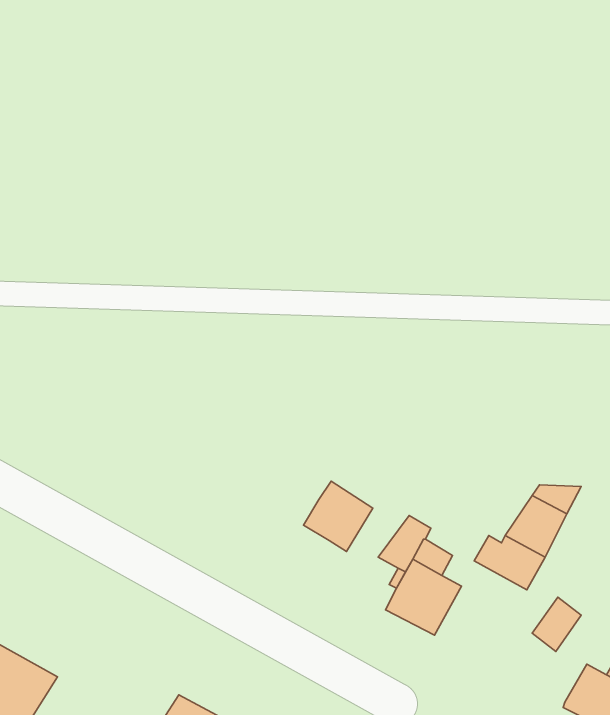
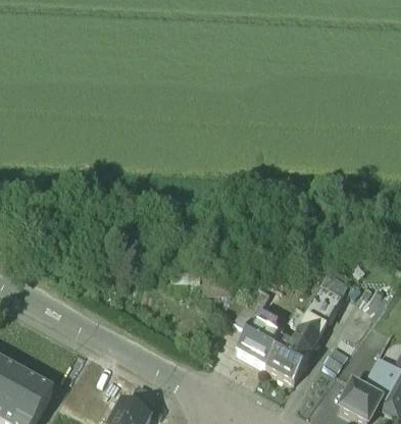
building: [303,481,373,551] -> none
building: none -> [266,328,318,381]

